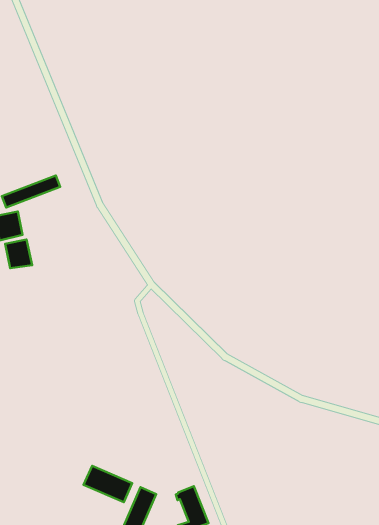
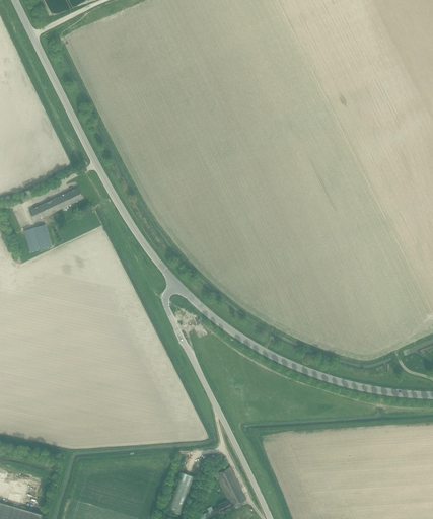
building: [5,239,32,268] -> none
building: [84,466,132,502] -> none

